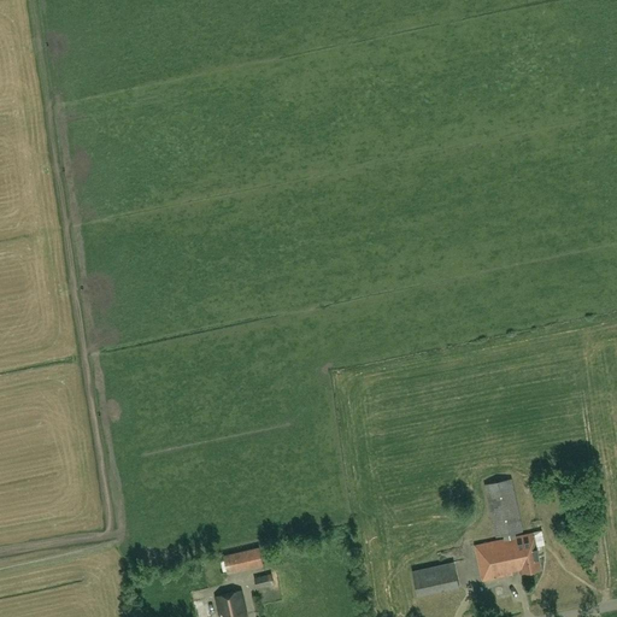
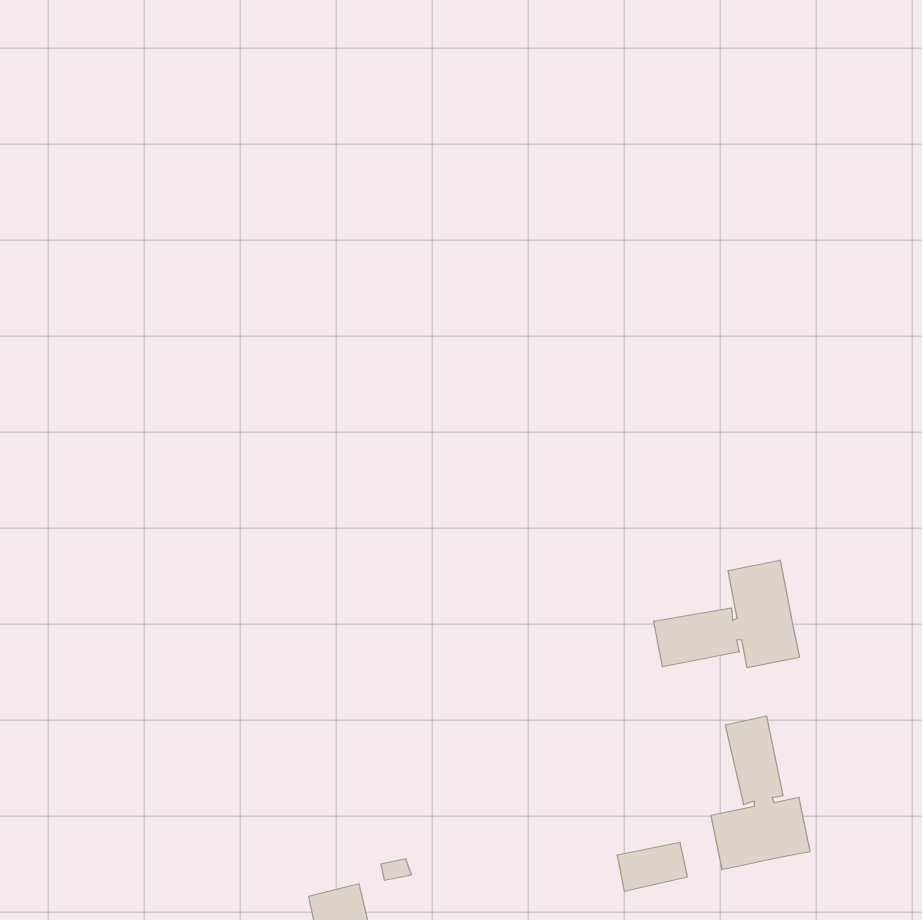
building: none -> [654,560,799,668]
building: [223,547,264,575] -> none

